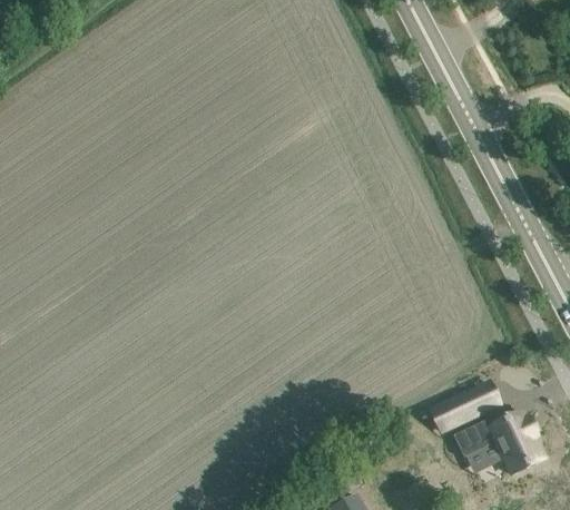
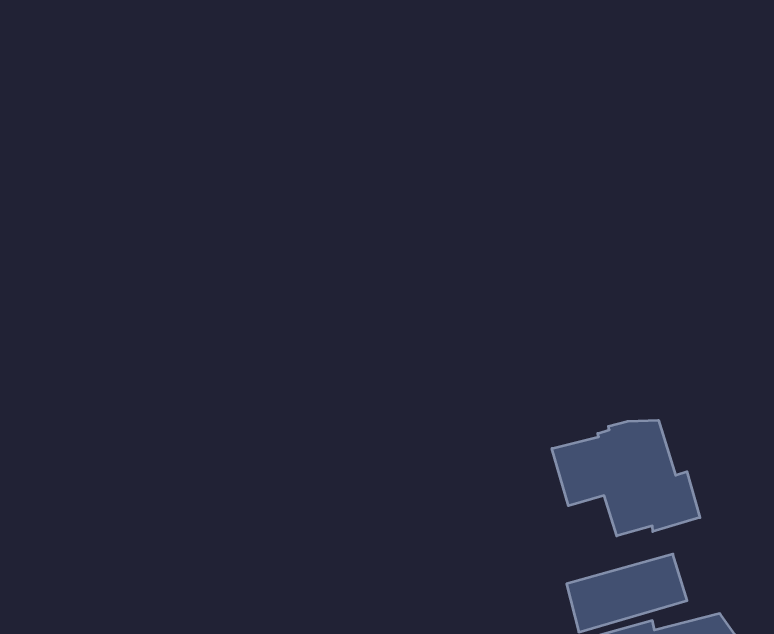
building: none -> [552,420,700,536]

